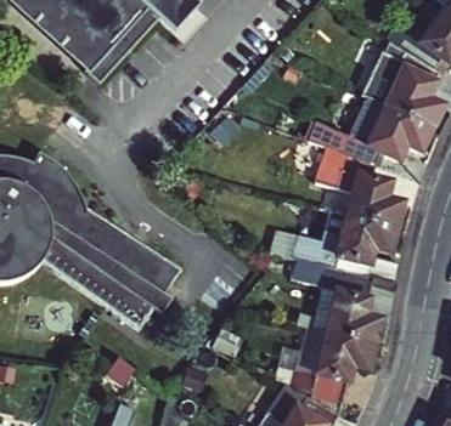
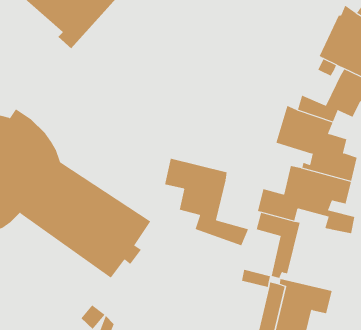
building: none -> [165,158,249,246]
building: [320,271,382,343] -> none

